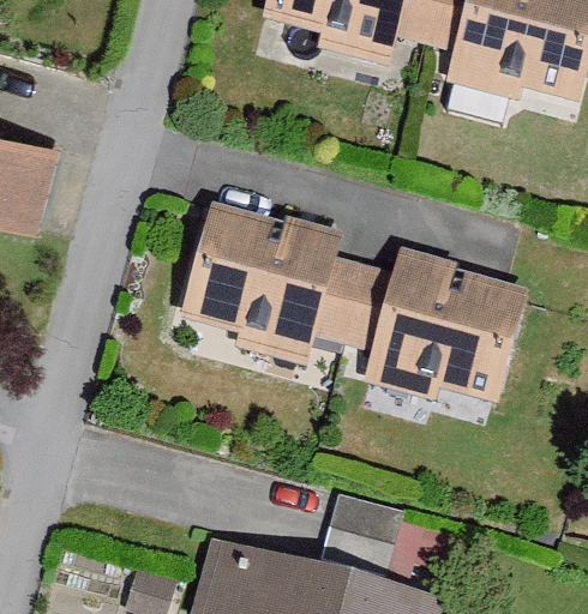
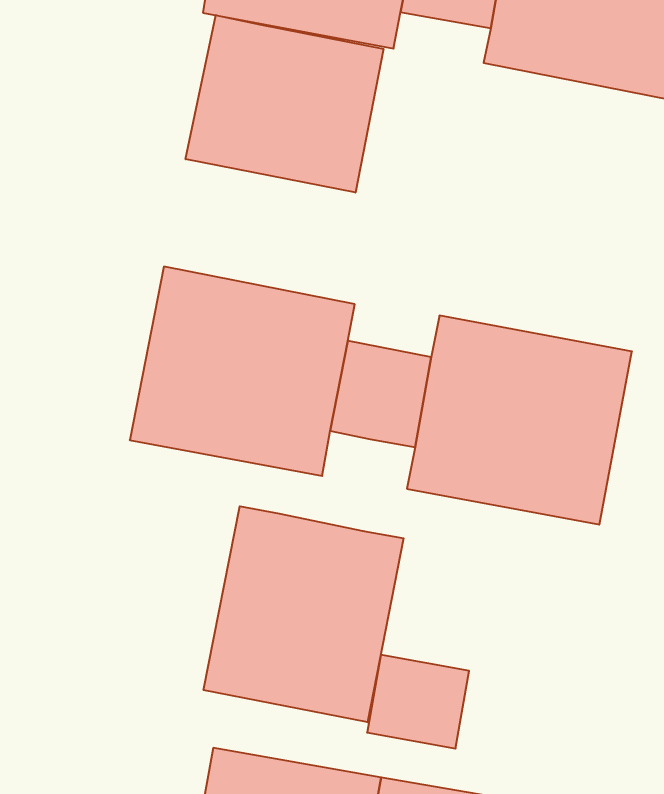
building: none -> [186,15,384,193]
building: none -> [204,506,404,722]

